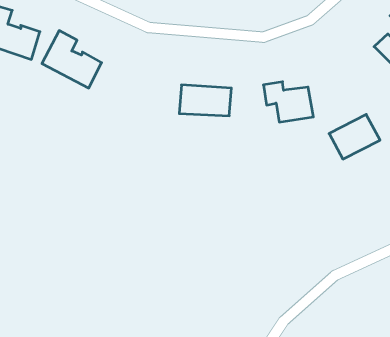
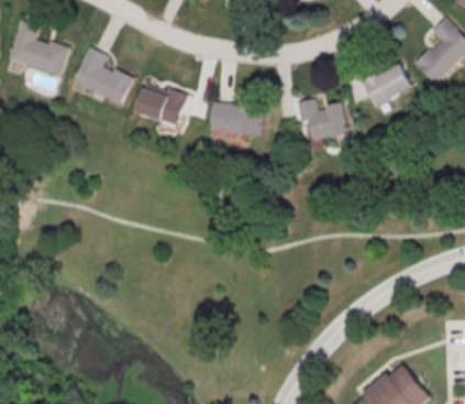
building: none -> [135,81,188,125]
building: [329,114,380,159] -> [362,61,414,107]

